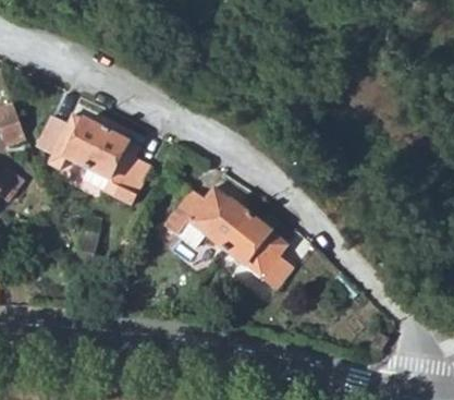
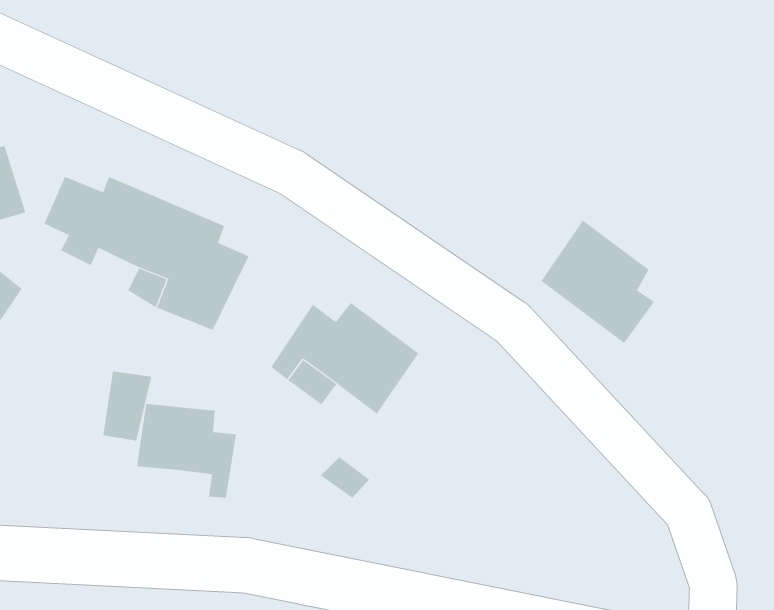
building: [226,216,292,287] -> [541,220,655,344]
building: none -> [137,403,237,499]

